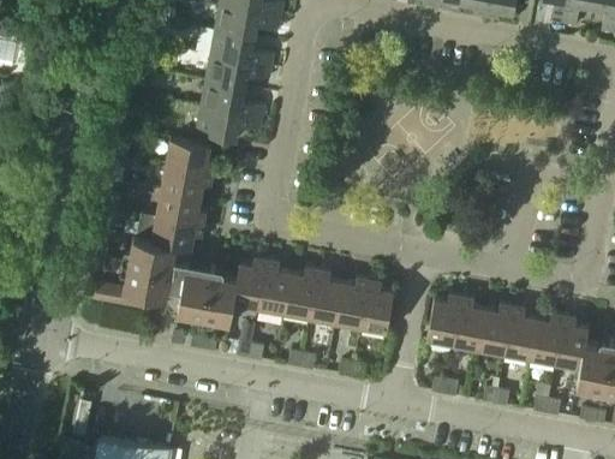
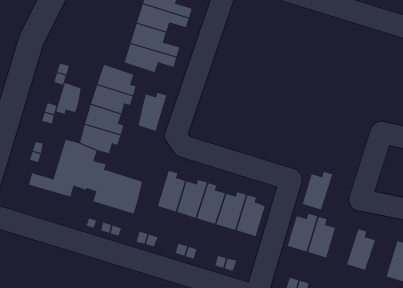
building: none -> [56,82,81,115]
building: [234,258,267,308] -> [138,92,167,131]
building: [478,304,513,353] -> [302,171,333,210]
building: [529,314,563,363] -> none

